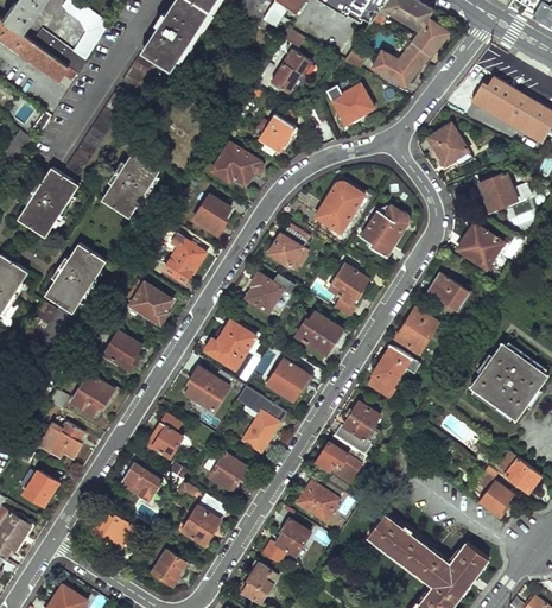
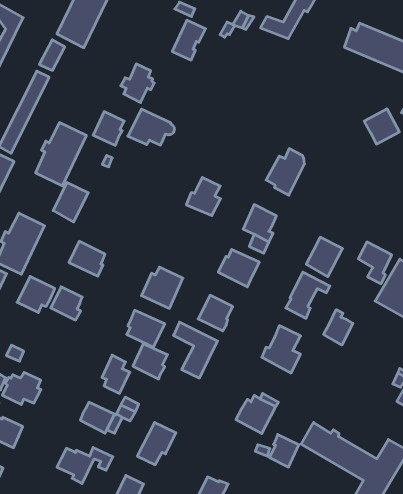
building: [328,84,373,122] -> none
building: [258,106,296,150] -> [121,64,154,103]
building: [427,124,468,166] -> none
building: [316,182,364,233] -> none
building: [193,196,230,235] -> [93,112,124,145]
building: [456,226,503,270] -> none
building: [164,240,205,285] -> [53,183,88,222]
building: [427,273,465,322] -> [358,242,392,284]
building: [246,274,284,312] -> none
building: [70,374,114,416] -> [17,276,55,313]
building: none -> [324,310,353,345]
building: [317,436,366,484] -> none
building: [210,452,250,494] -> [133,344,168,379]
building: [275,519,310,557] -> [270,434,299,467]

